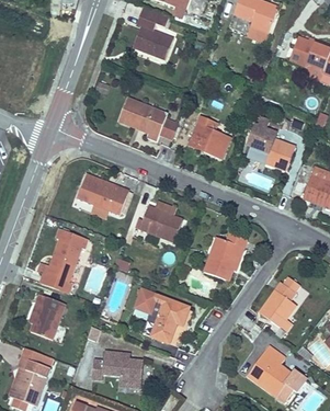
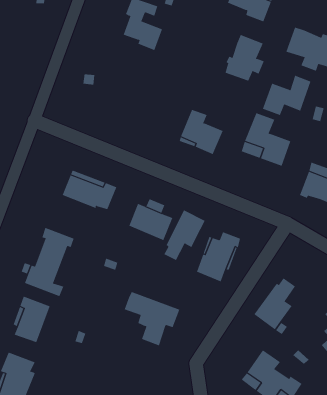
building: none -> [225,34,264,81]
building: none -> [262,75,311,116]
building: [118,98,178,140] -> none
building: none -> [164,210,206,261]
building: [91,351,143,383] -> none

